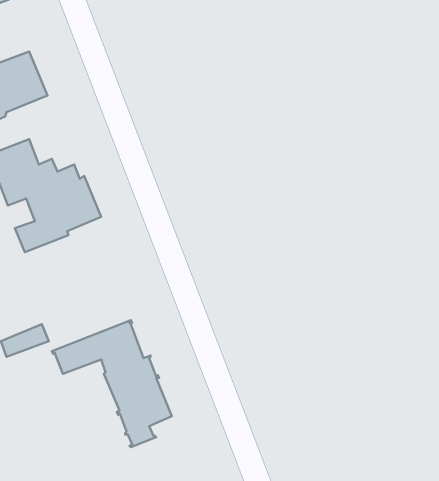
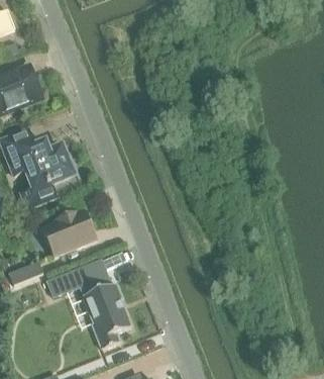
building: none -> [42,209,97,255]

